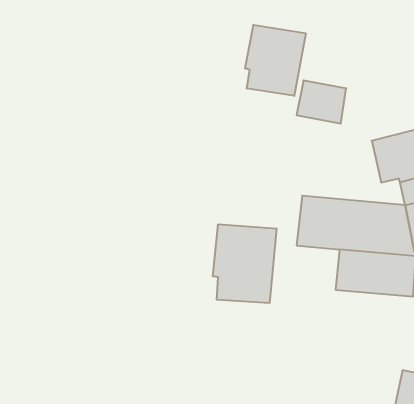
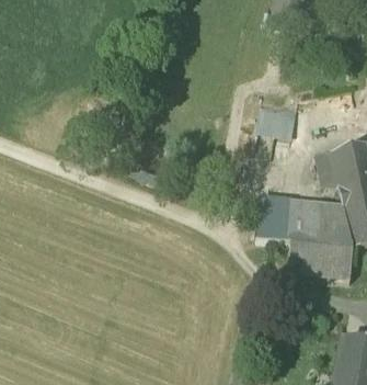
building: [245,25,306,96] -> none
building: [213,224,276,303] -> none

